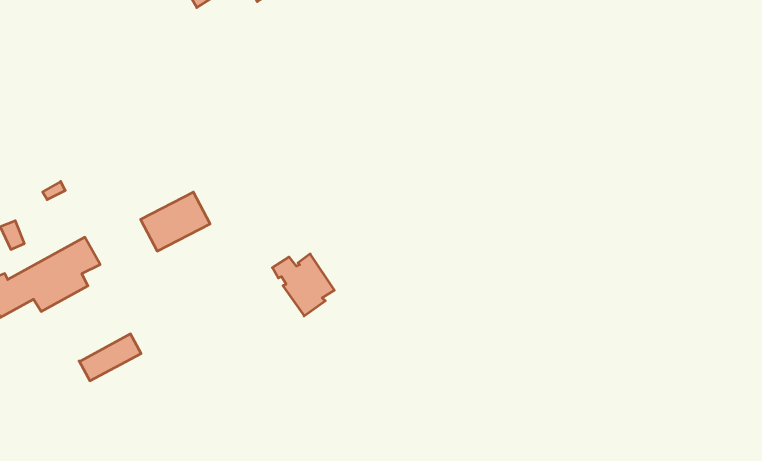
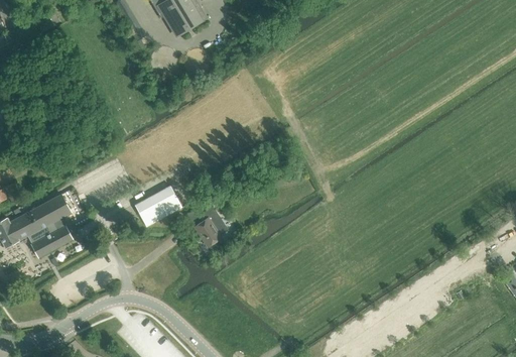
building: [141,192,210,251] -> [135,186,181,225]
building: [79,334,141,381] -> [31,225,73,256]

